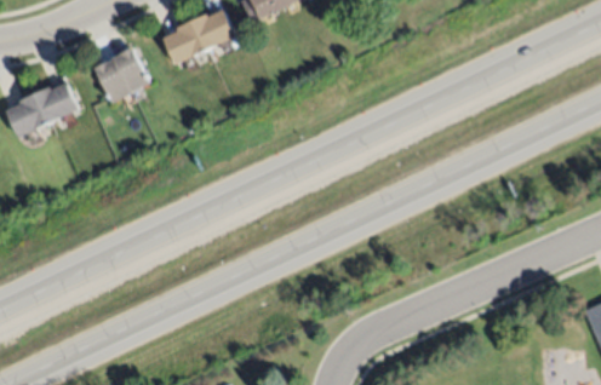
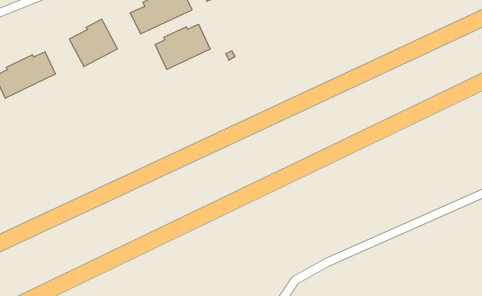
building: none -> [155,24,210,69]

